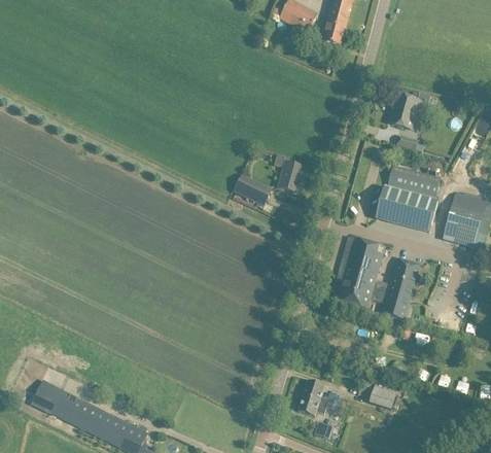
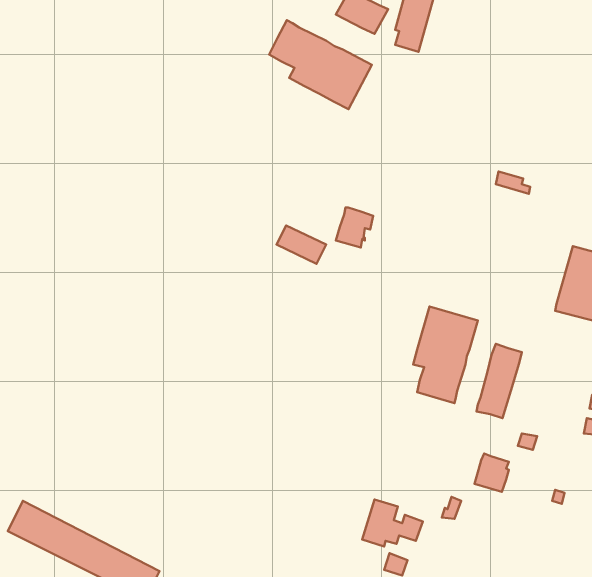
building: none -> [269,20,372,109]
building: [391,94,420,129] -> none
building: [376,167,441,232] -> none
building: [371,379,396,408] -> [474,453,509,492]

